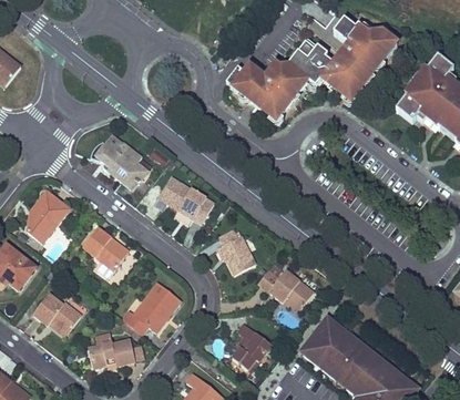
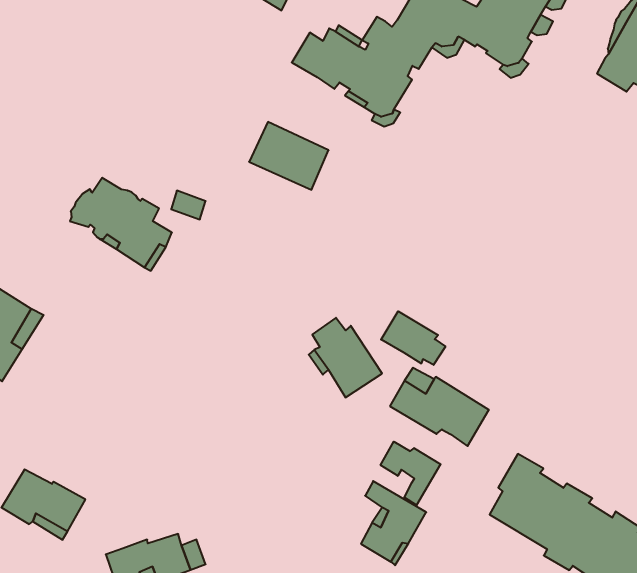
building: [167,181,213,222] -> [249,122,329,190]
building: [82,225,127,275] -> none
building: none -> [381,311,445,365]
building: [122,280,180,331] -> none
building: none -> [381,442,441,505]

